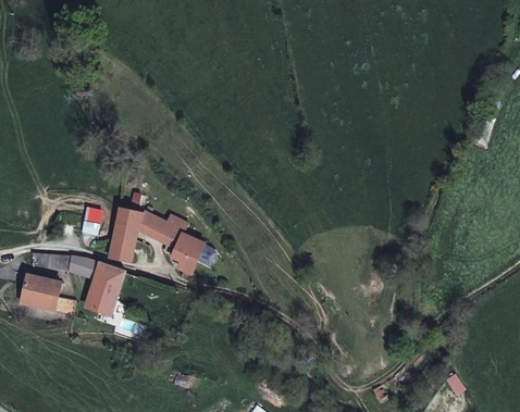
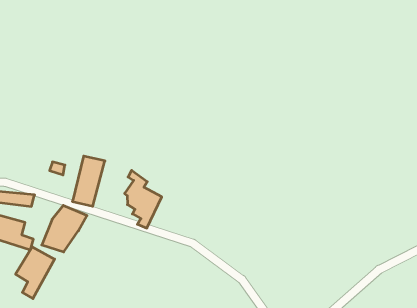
building: [138,211,175,245] -> none
building: [65,255,100,280] -> none
building: none -> [16,247,55,299]

